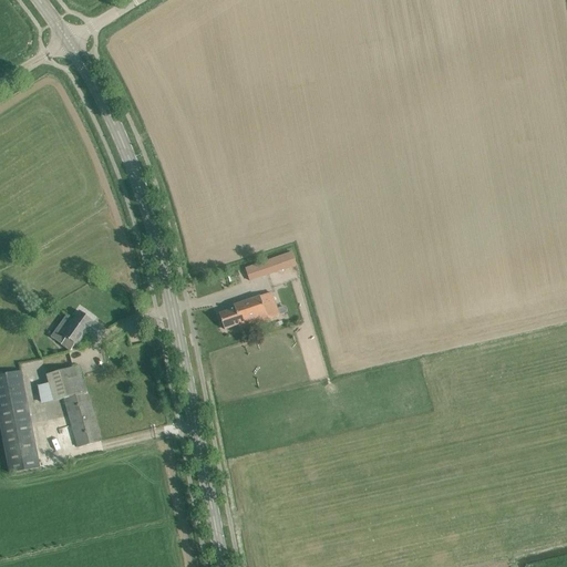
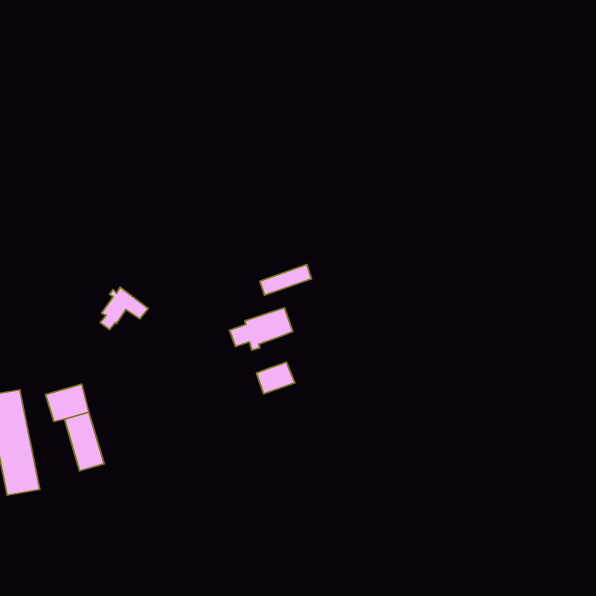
building: [59,309,104,349] -> [100,287,148,329]
building: none -> [257,362,295,394]

